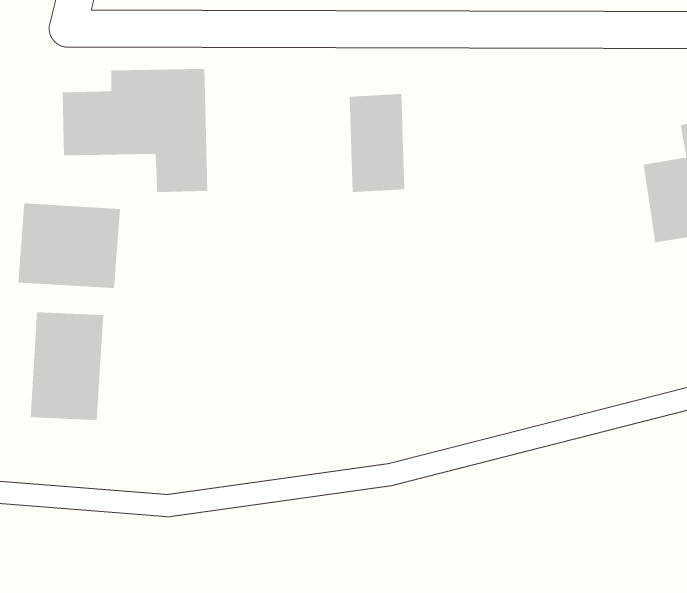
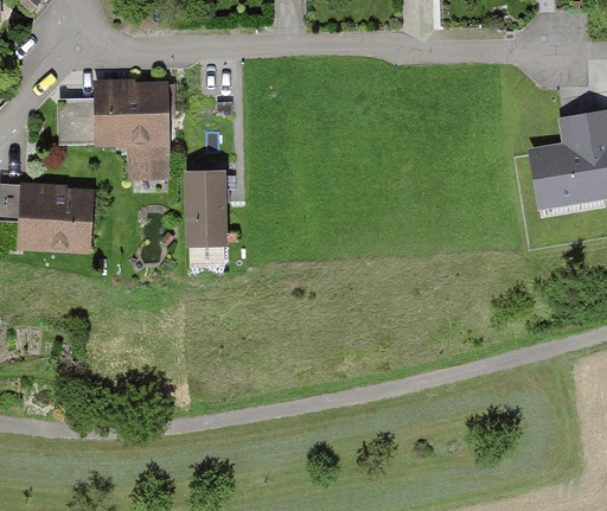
building: [349,94,405,193] -> [189,168,234,248]
building: [30,311,104,421] -> none

